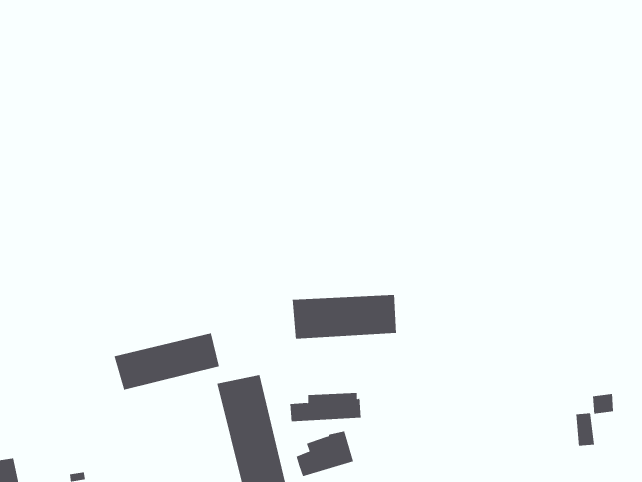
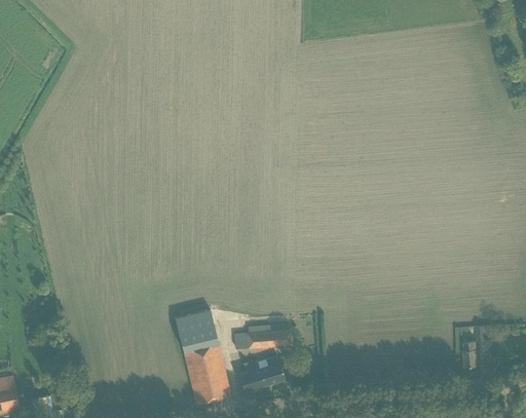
building: [292,294,397,339] -> none
building: [114,333,219,390] -> none

